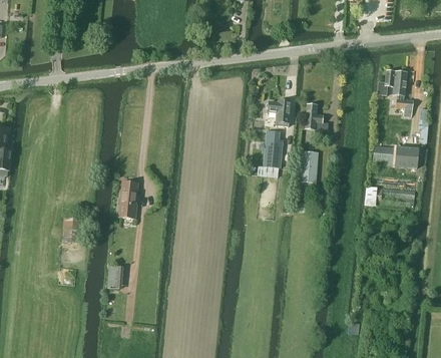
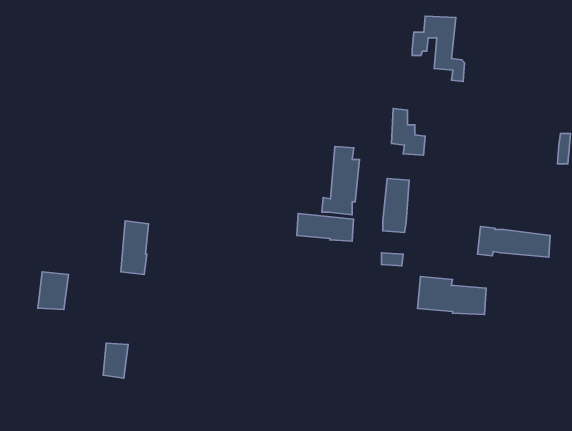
building: [377,70,413,115] -> [412,16,465,82]
building: [268,99,291,125] -> none
building: [373,141,420,167] -> [418,277,486,314]
building: none -> [297,213,354,241]

